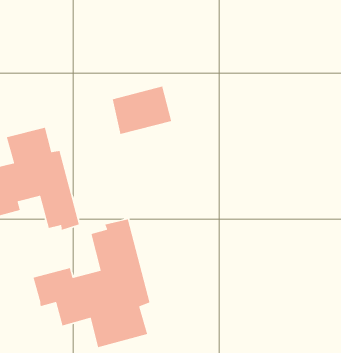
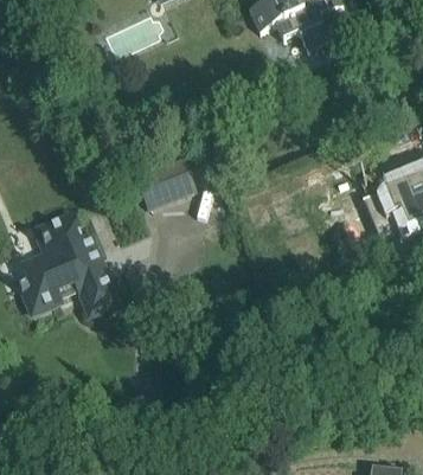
building: [32,219,151,348] -> none

